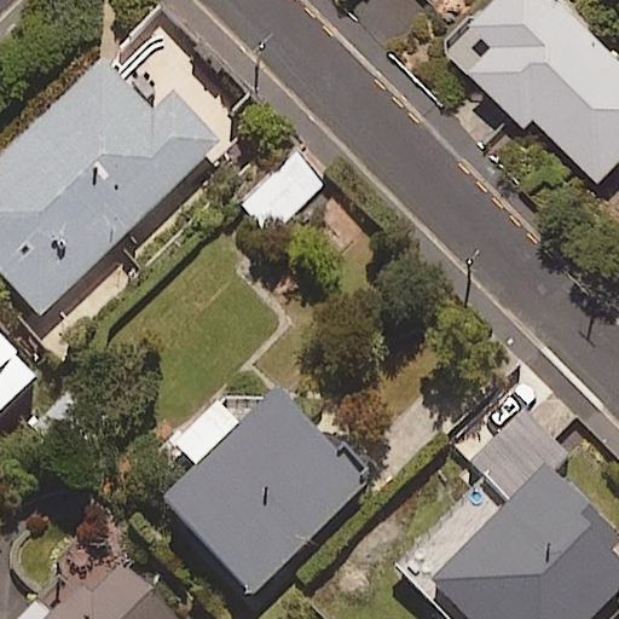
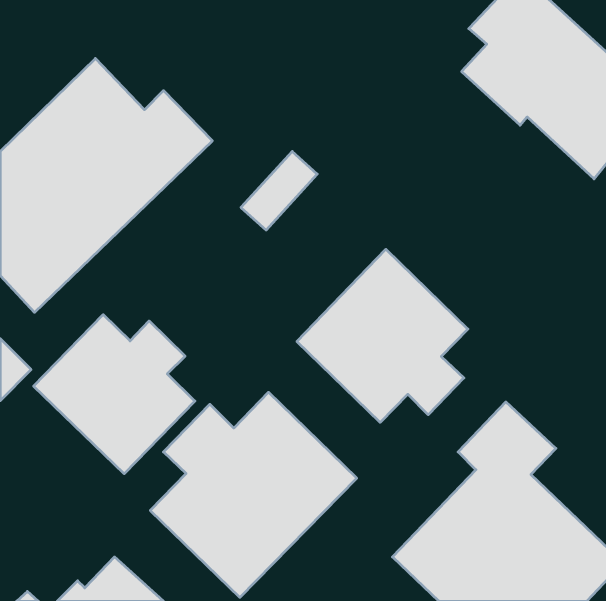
building: none -> [297,249,468,422]
building: none -> [34,315,195,474]

